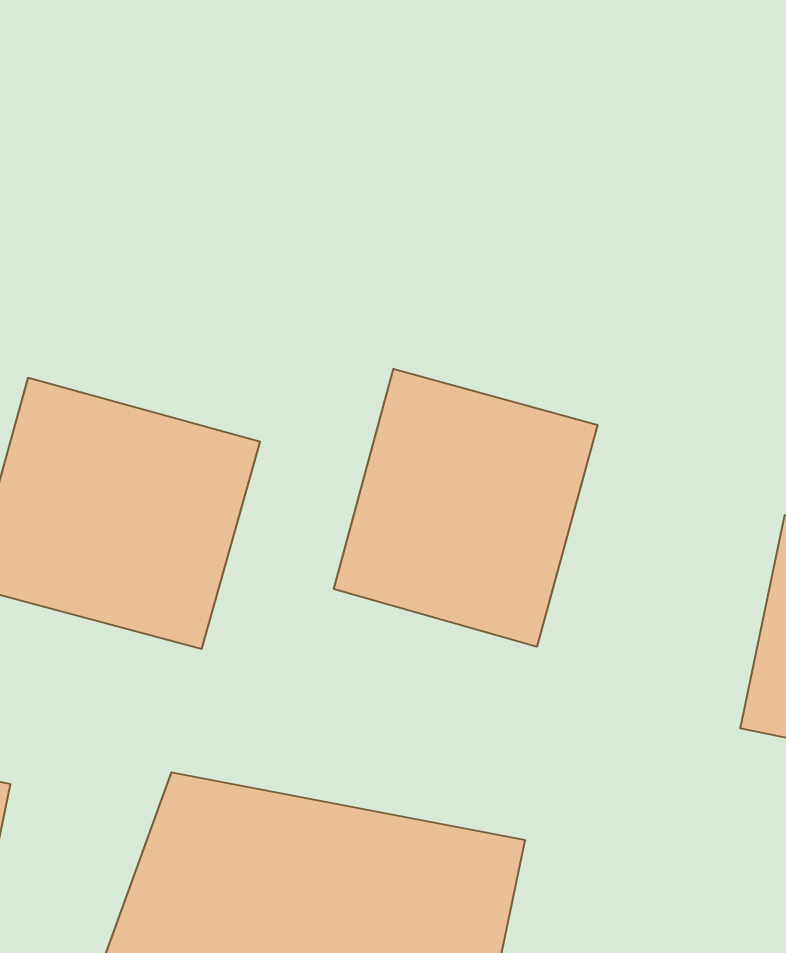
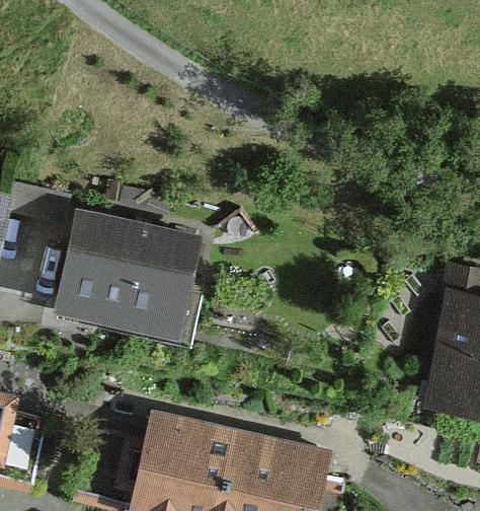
building: [334,369,597,647] -> none

